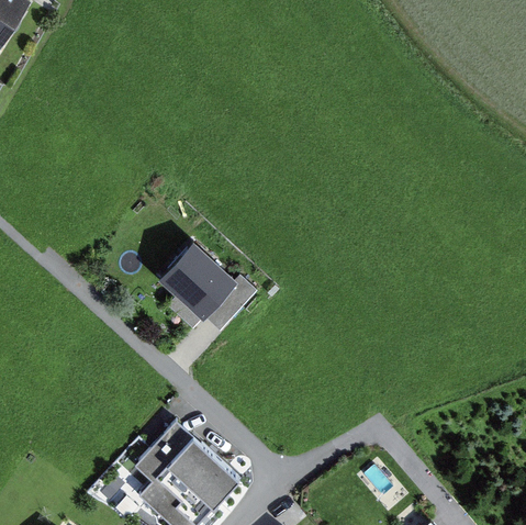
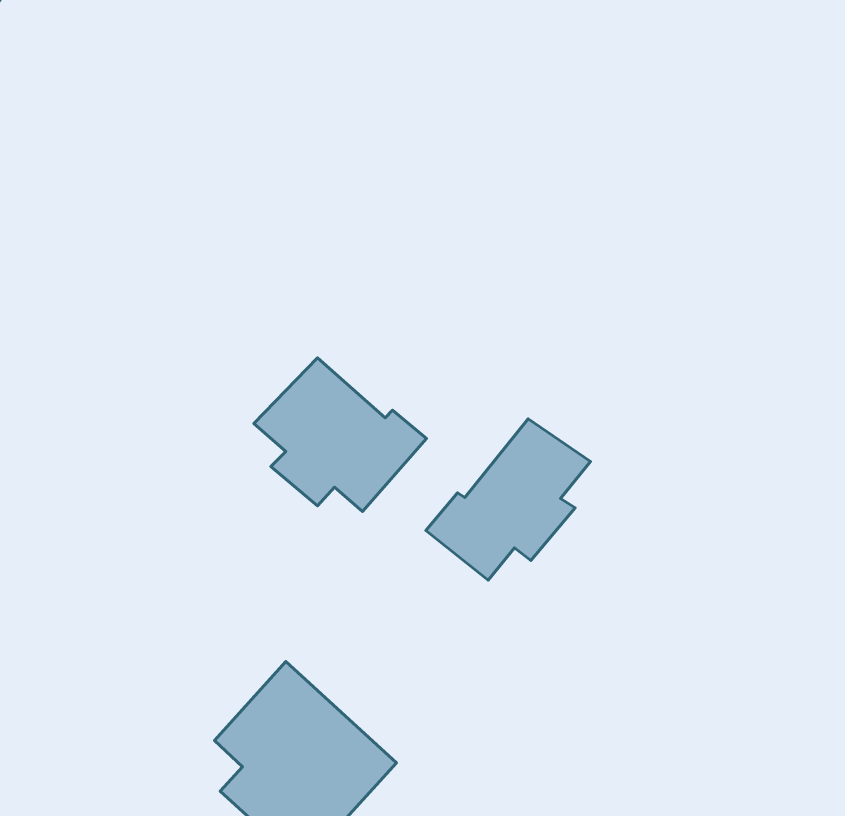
building: none -> [426,419,590,580]

